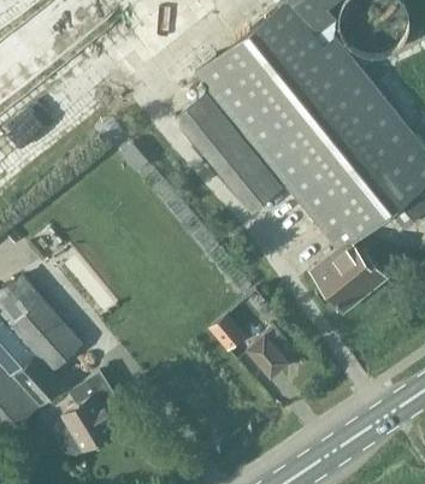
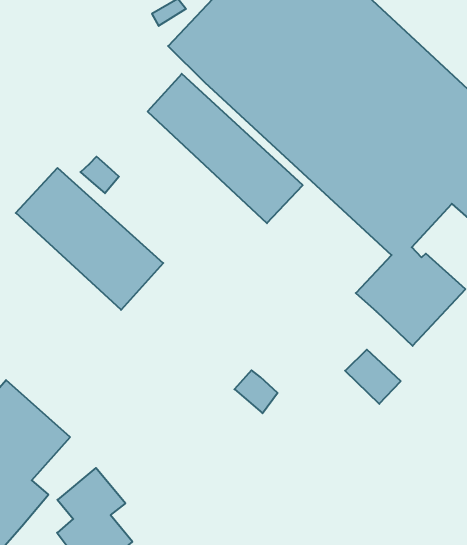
building: none -> [16,168,163,310]
building: [250,336,290,377] -> [345,350,401,404]

